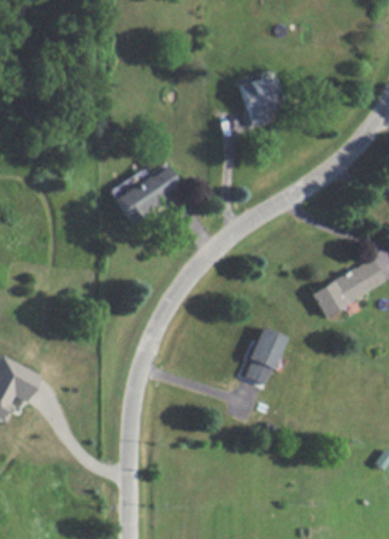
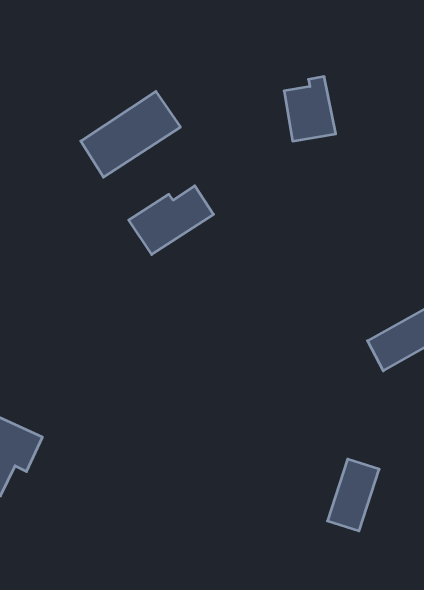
building: none -> [81,91,180,177]
building: [241,327,284,387] -> [327,459,379,531]

